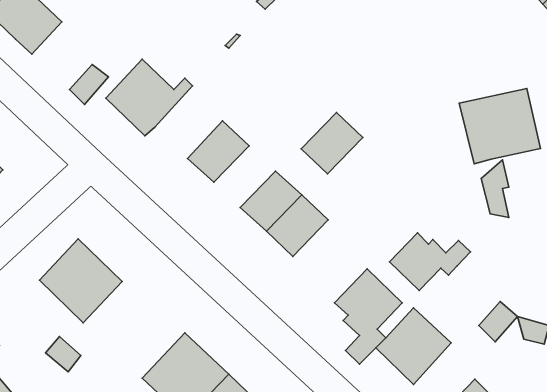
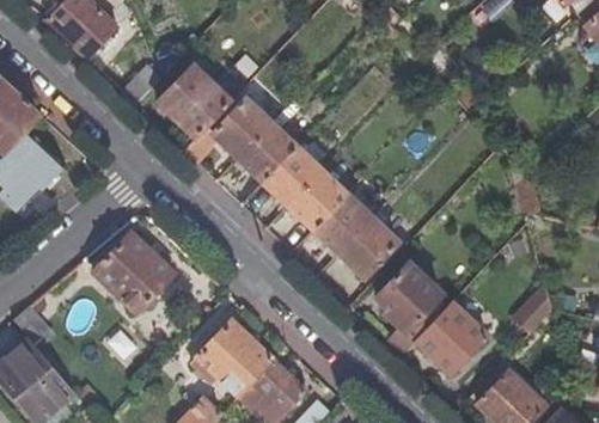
building: [459,89,541,164] -> none
building: none -> [182,97,268,163]
building: [301,113,363,174] -> [259,145,318,203]
building: none -> [335,215,393,274]
building: [389,233,470,290] -> none

